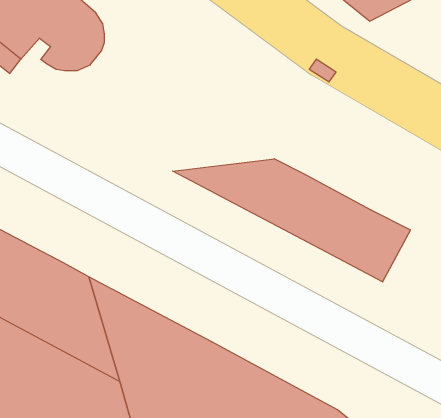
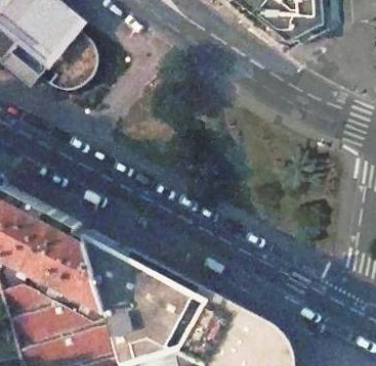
building: [173,159,410,282] -> none

